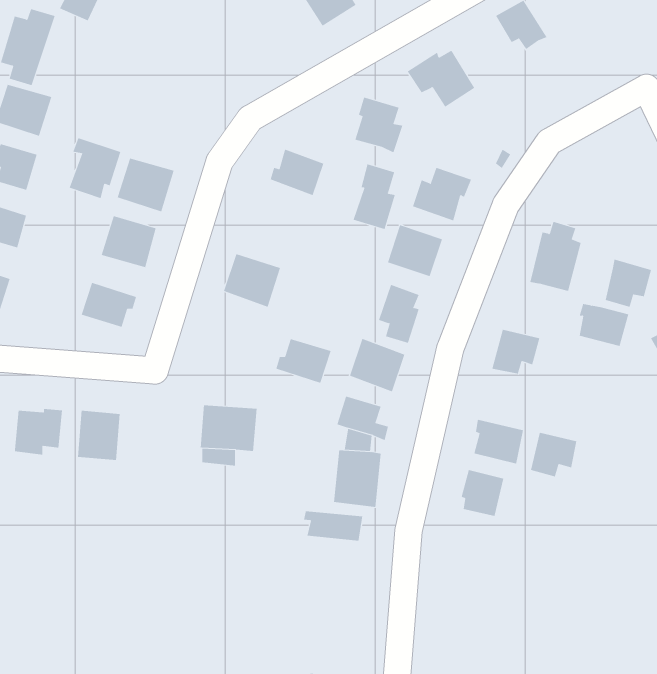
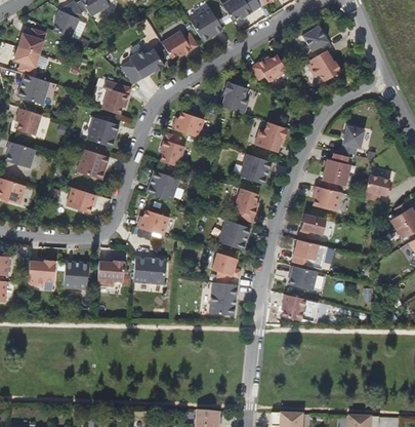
building: none -> [161,31,197,57]
building: none -> [128,48,164,78]
building: none -> [305,49,341,81]
building: [69,137,121,199] -> [101,79,131,114]
building: [353,164,396,230] -> none
building: none -> [341,125,364,154]
building: none -> [161,132,184,166]
building: [579,303,629,347] -> [314,186,342,210]
building: [276,338,331,383] -> [137,209,169,235]
building: none -> [97,260,124,285]
building: [530,432,577,477] -> [292,239,319,265]
building: [303,510,363,541] -> none

